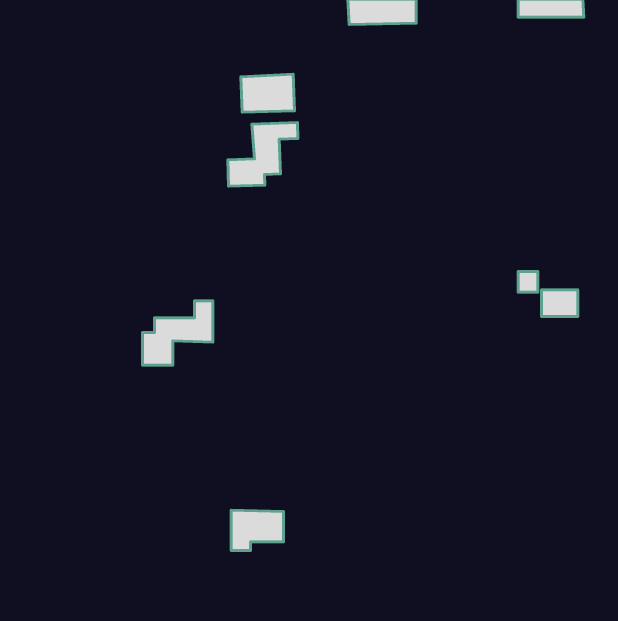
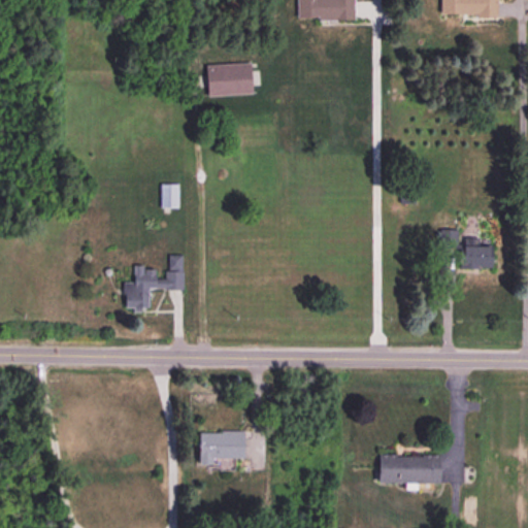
building: [228,123,298,186] -> none
building: none -> [162,184,179,207]
building: none -> [378,455,440,484]

